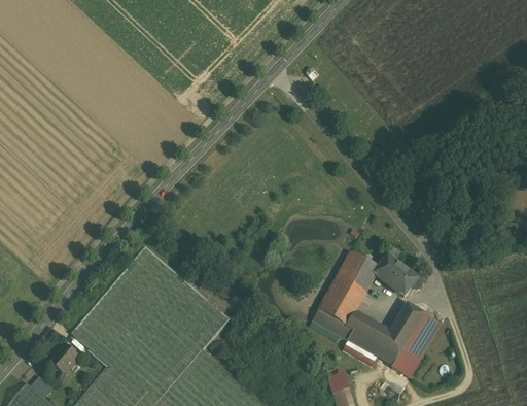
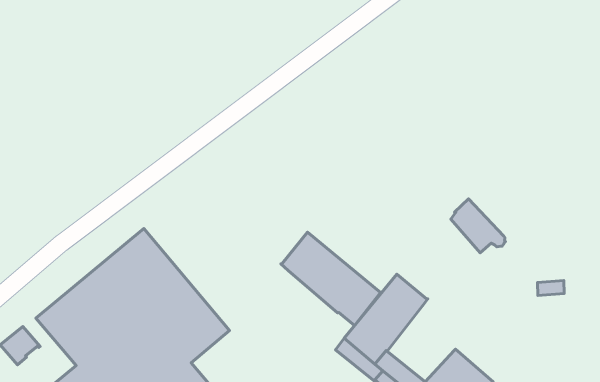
building: none -> [281,232,381,325]
building: [375,256,421,297] -> [451,199,506,253]

